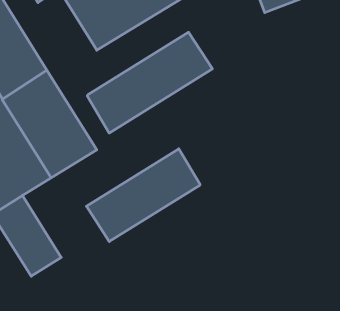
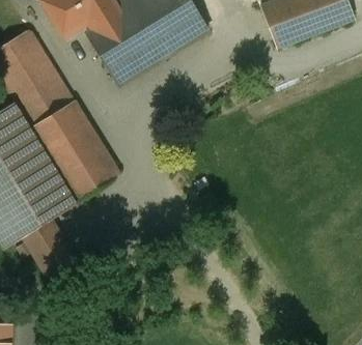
building: [87,32,212,133] -> none
building: [86,149,200,242] -> none

